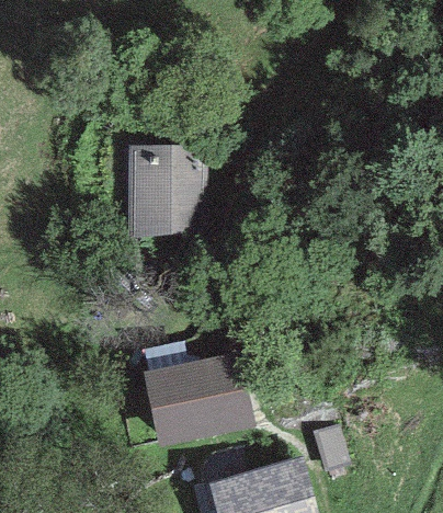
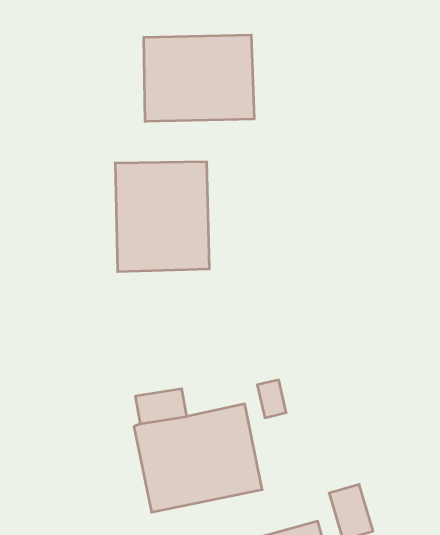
building: none -> [144,35,254,122]

